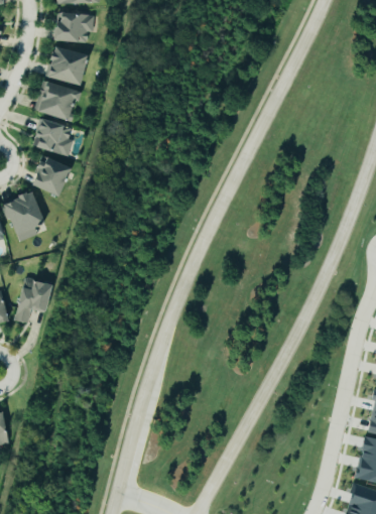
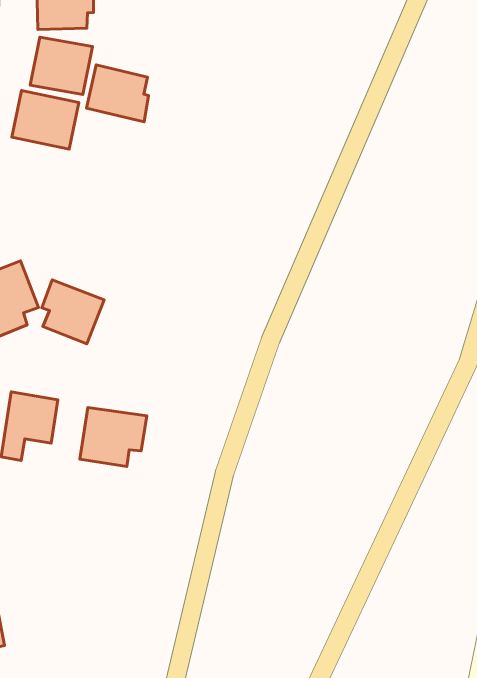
building: [30,117,72,156] -> [86,65,149,122]
building: [31,153,73,197] -> [42,280,104,344]
building: none -> [80,408,147,466]

